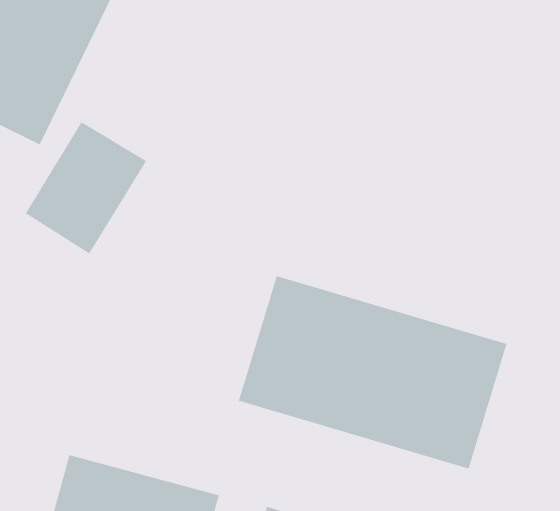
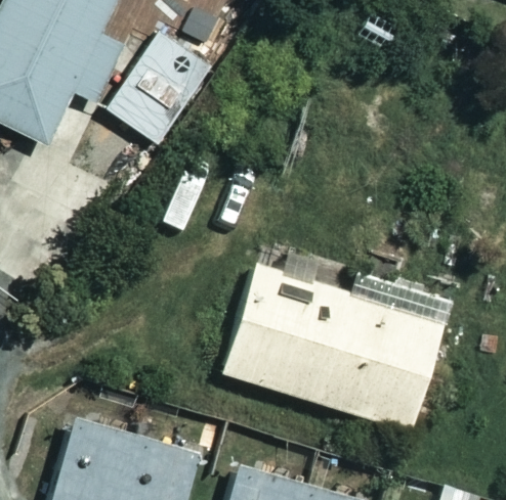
building: [25,121,147,254] -> [102,32,207,145]

